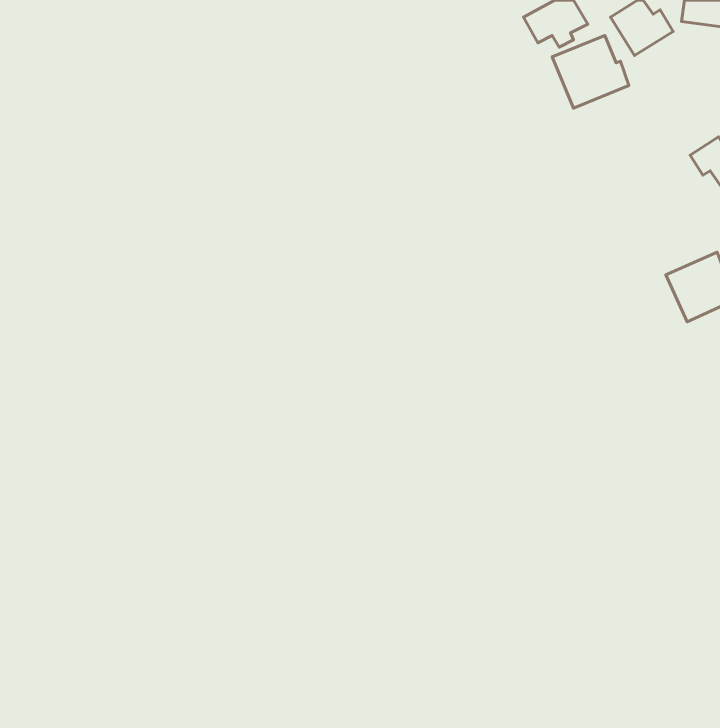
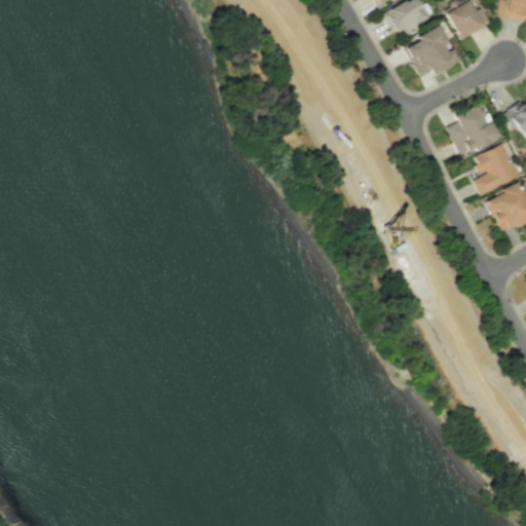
building: none -> [448,104,499,155]
building: none -> [475,143,521,194]

